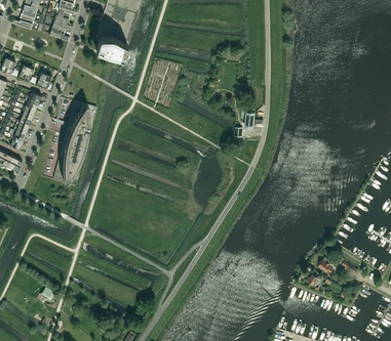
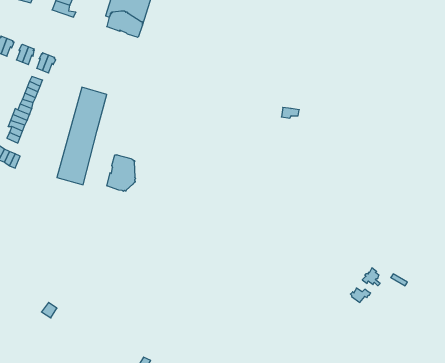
building: none -> [107,155,135,191]

